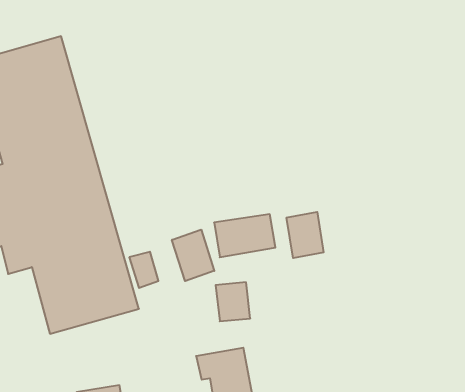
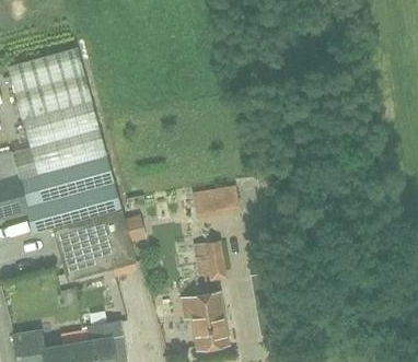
building: [287,212,324,258] -> none
building: [172,230,214,281] -> none

